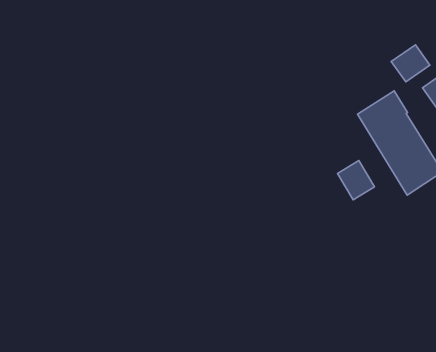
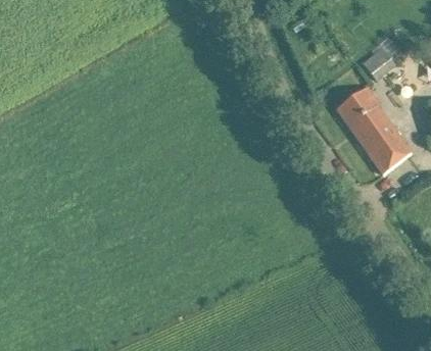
building: [338,161,375,200] -> none

